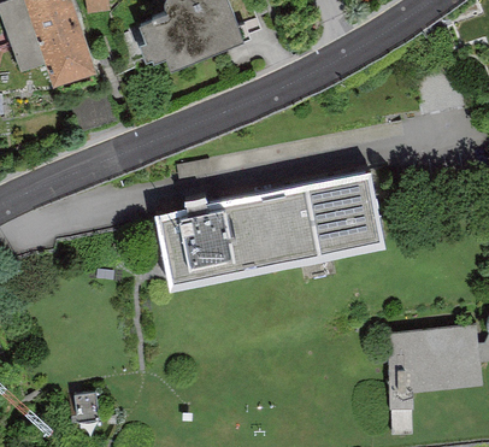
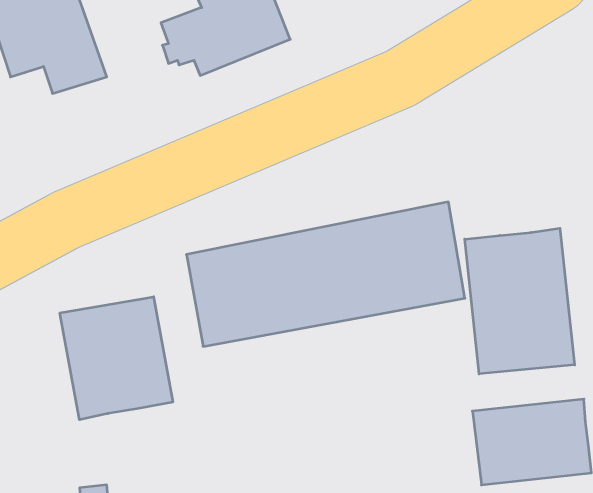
building: none -> [465,228,575,374]
building: none -> [60,297,173,420]

